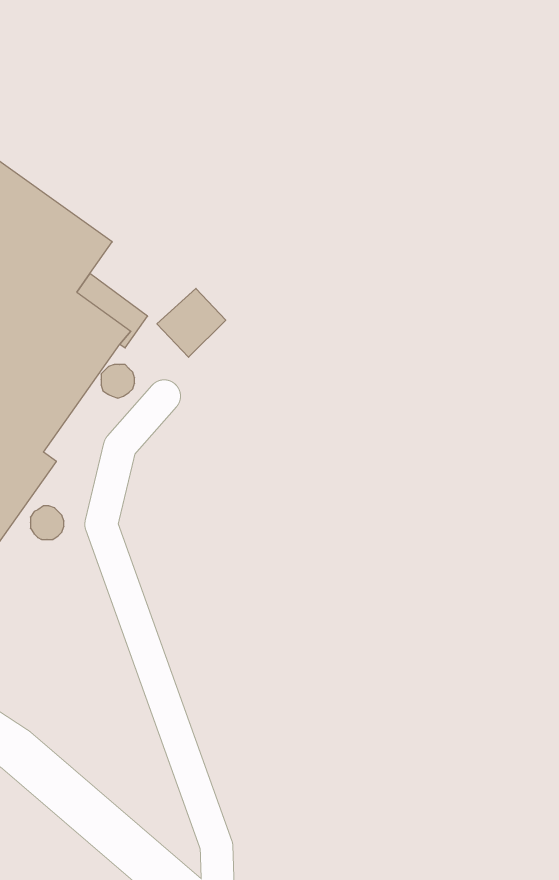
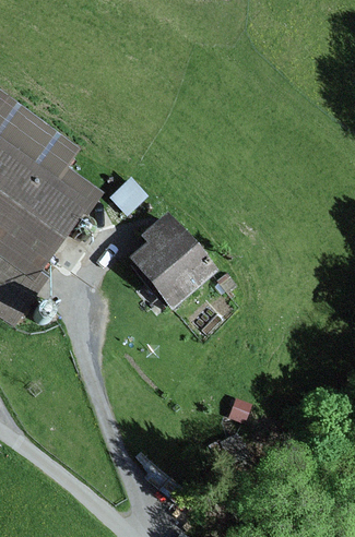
building: none -> [128,210,216,307]

